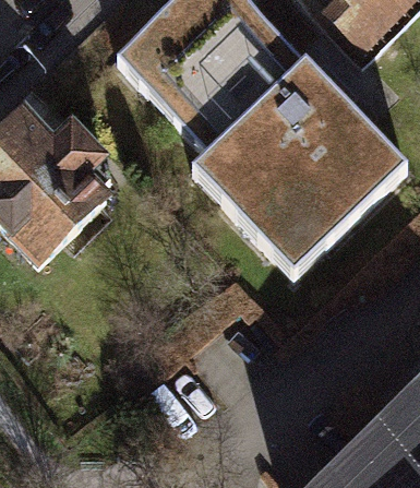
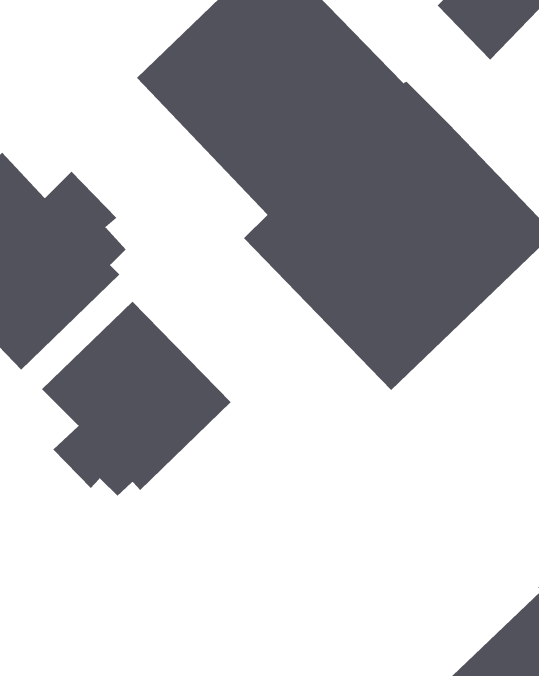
building: none -> [41,301,232,497]

